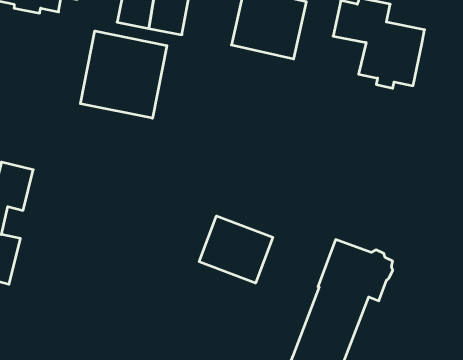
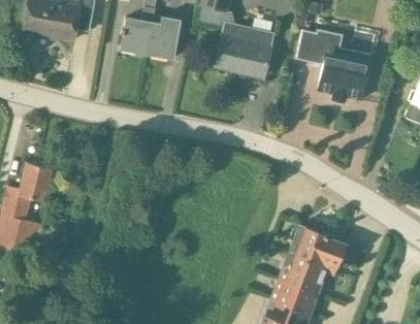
building: [80,31,167,118] -> none
building: [199,216,273,283] -> none

